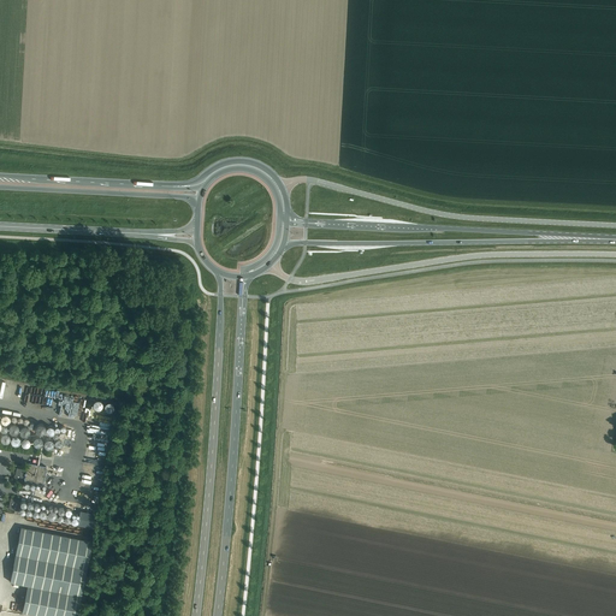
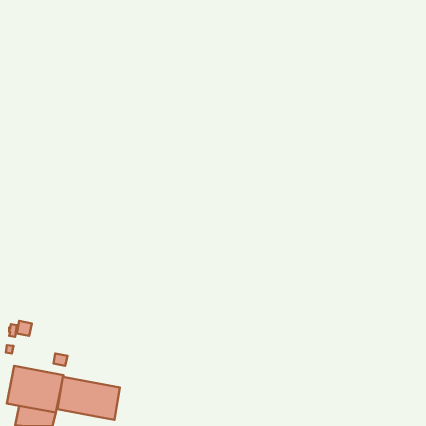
building: none -> [58,377,120,420]

